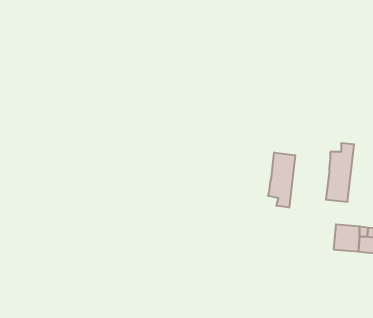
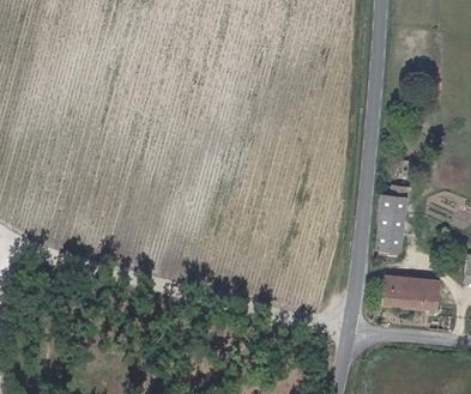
building: [268,152,295,208] -> none

